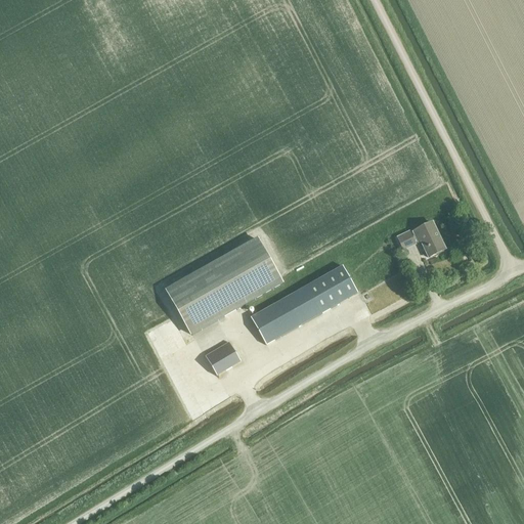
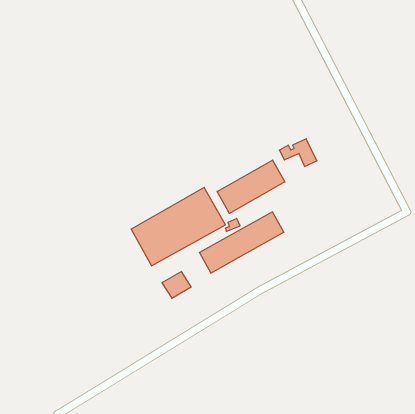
building: none -> [217,160,285,213]
building: [397,221,444,256] -> [279,139,317,166]

